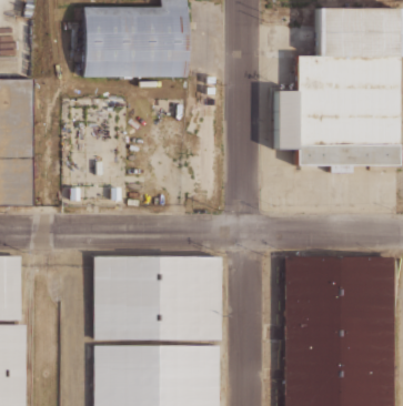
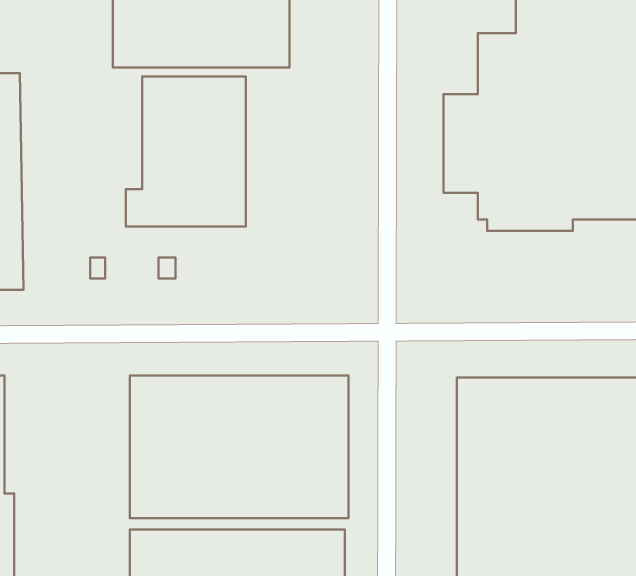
building: none -> [126,77,246,226]

